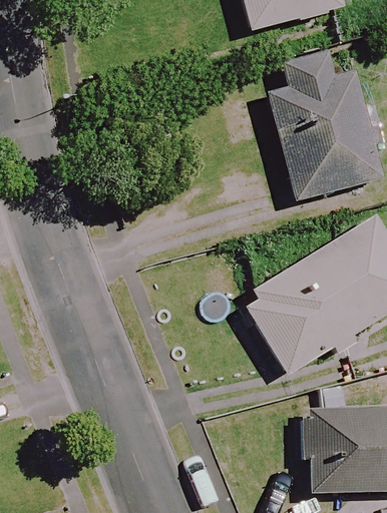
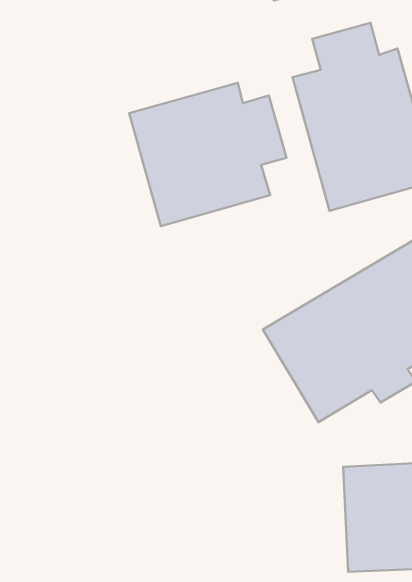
building: none -> [129,83,287,226]

